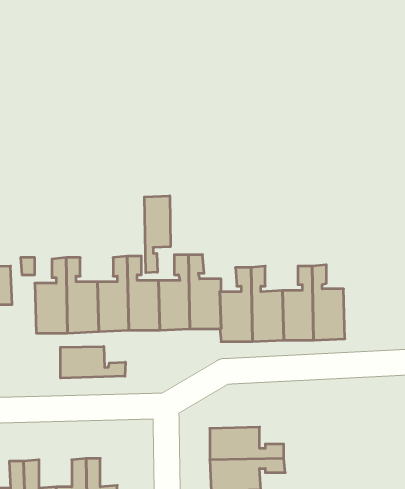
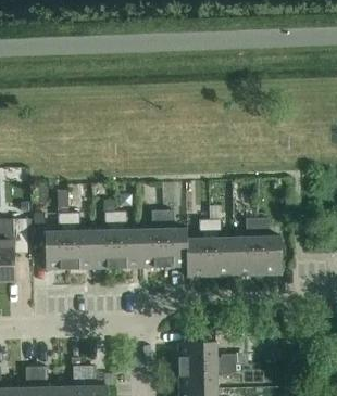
building: [144,196,170,273] -> none
building: [60,346,125,378] -> none

